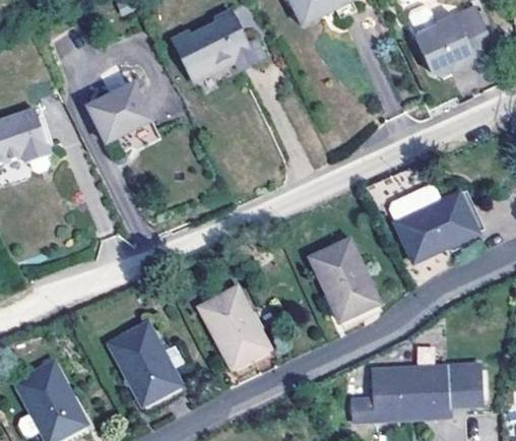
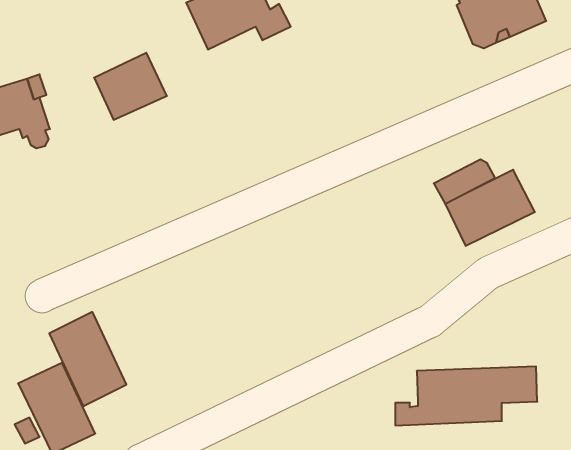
building: [311,239,380,319] -> none
building: [204,292,273,374] -> none
building: [115,323,184,407] -> [49,312,126,406]

